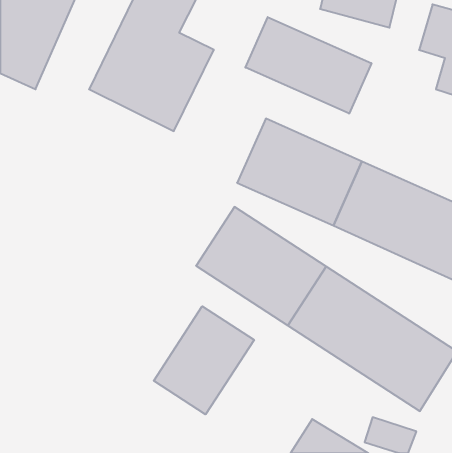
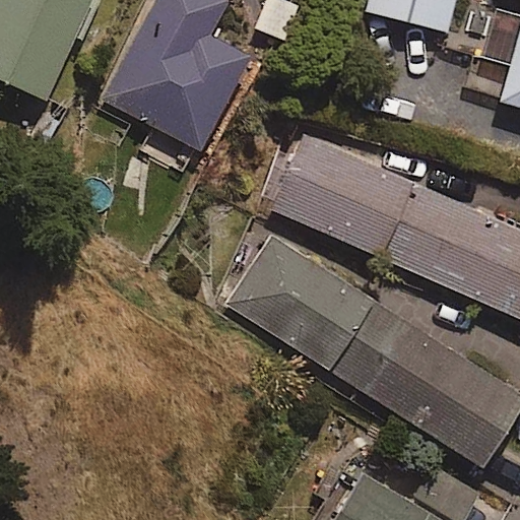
building: [245,17,371,114] -> none
building: [154,306,254,414] -> none

